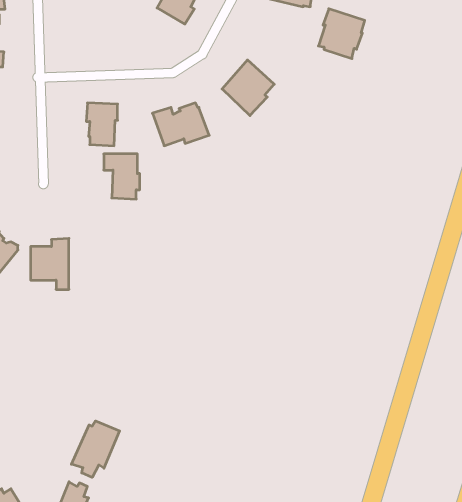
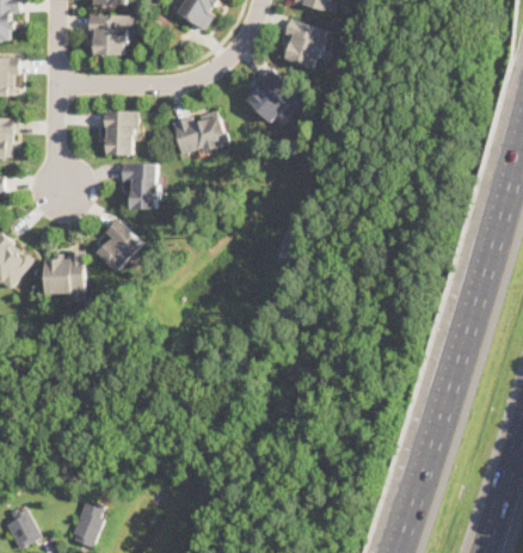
building: [318,9,365,59] -> [278,18,326,69]
building: none -> [87,16,134,55]
building: none -> [94,219,143,271]
building: [71,421,120,477] -> none

